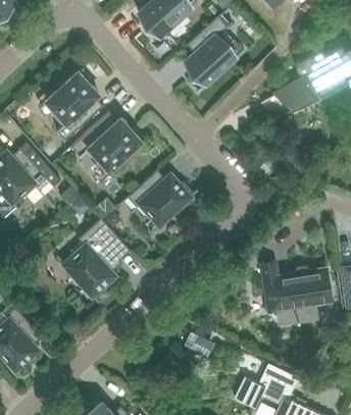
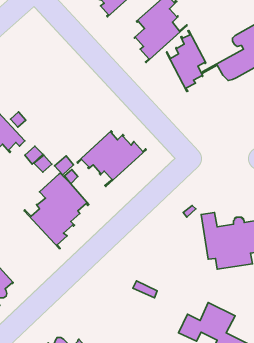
building: none -> [167,30,206,92]
building: [40,67,105,141] -> none
building: [71,112,146,176] -> none

